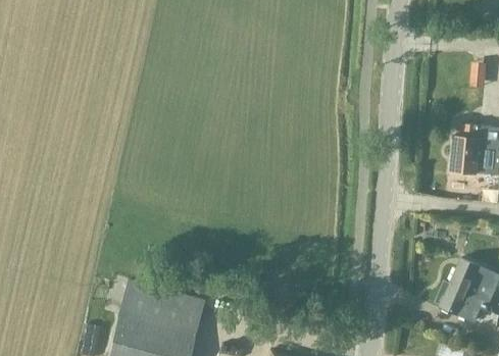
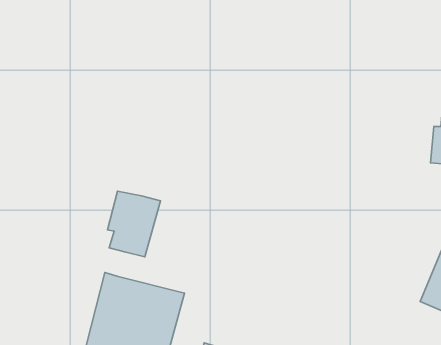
building: none -> [108,191,161,257]

